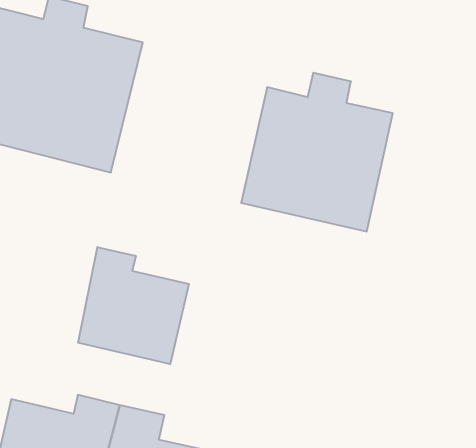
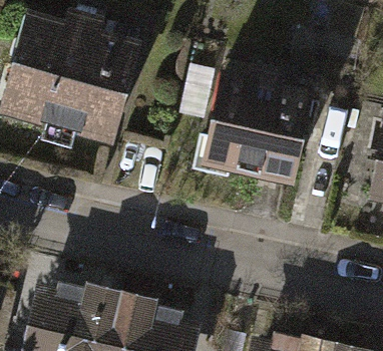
building: [78,247,189,364] -> none

